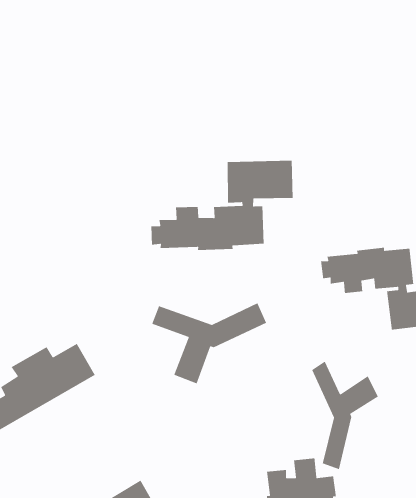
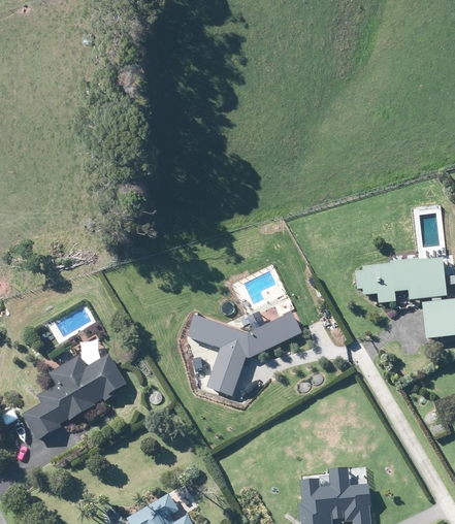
building: [150,160,294,251] -> none
building: [311,361,379,470] -> none

